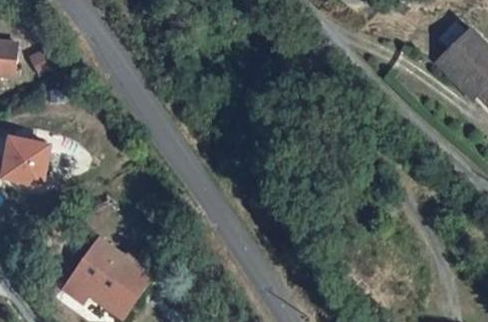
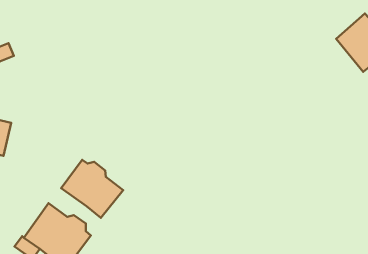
building: none -> [61,160,123,218]

